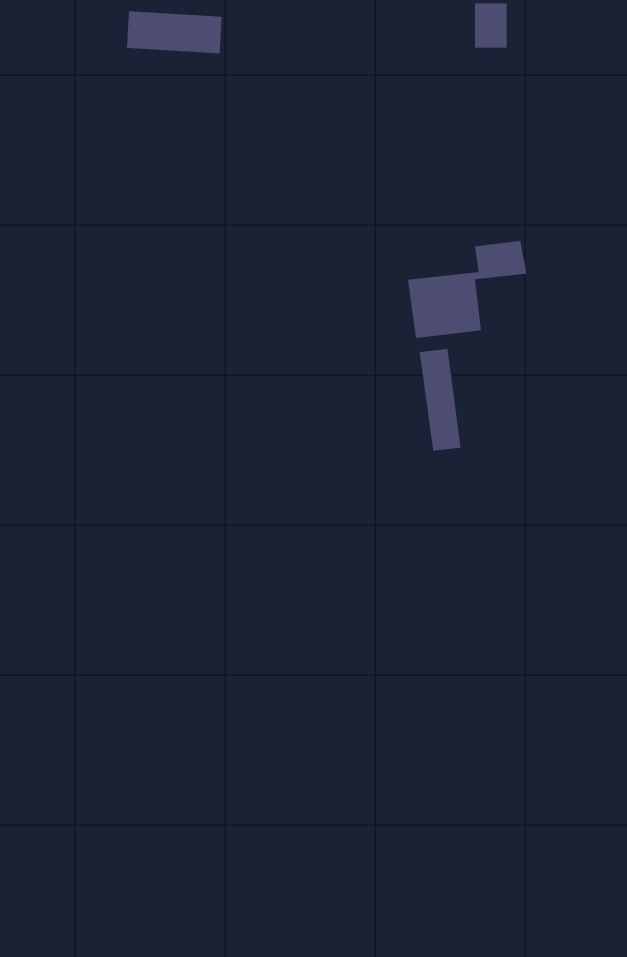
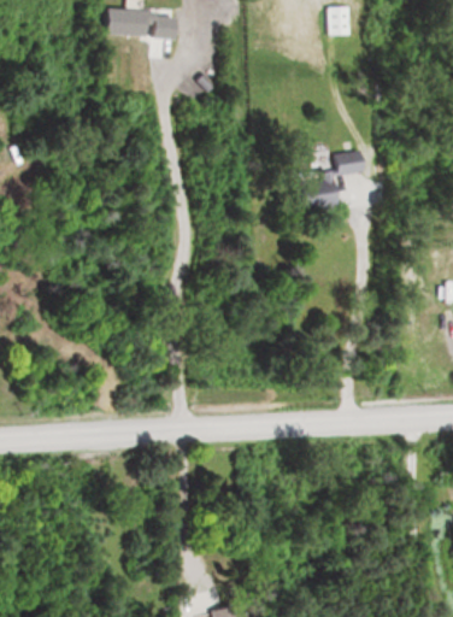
building: [419,348,461,452] -> none

